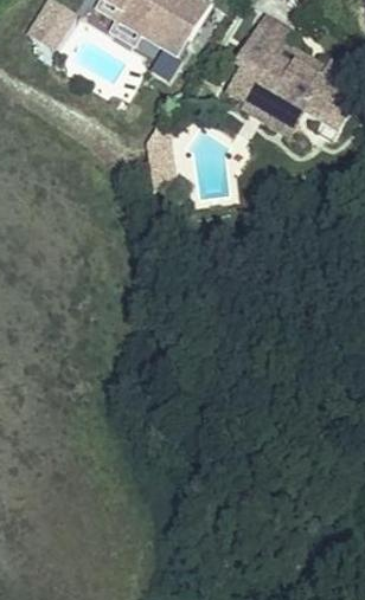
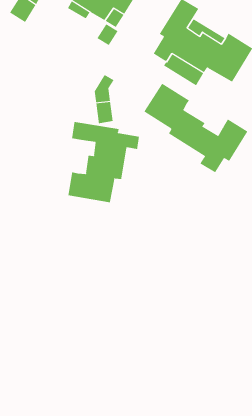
building: none -> [144,83,248,173]
building: none -> [68,121,140,203]

